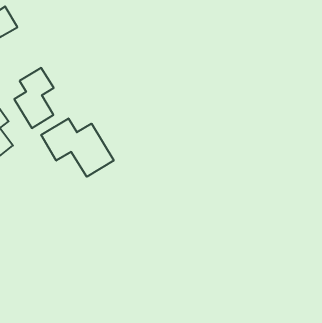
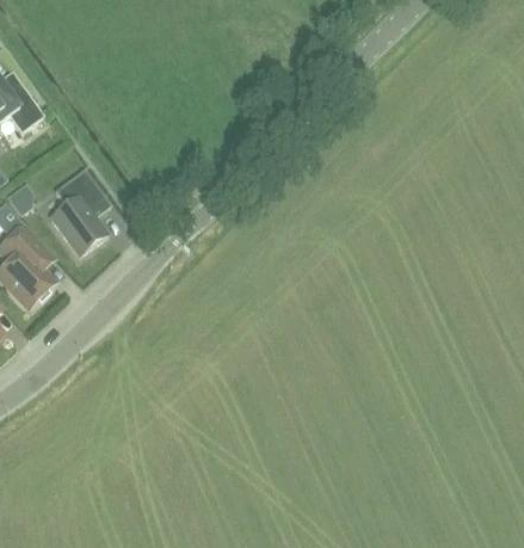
building: [41,118,114,177] -> none

